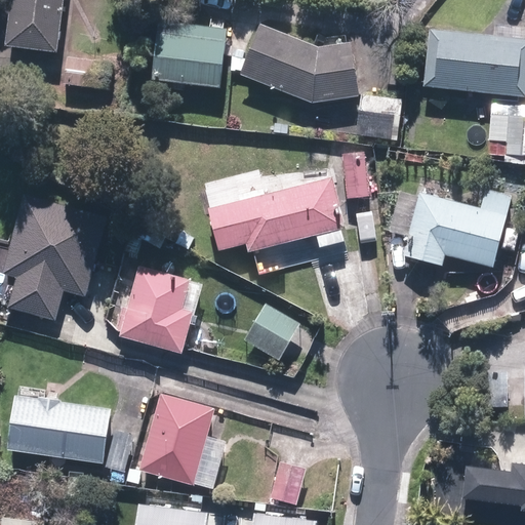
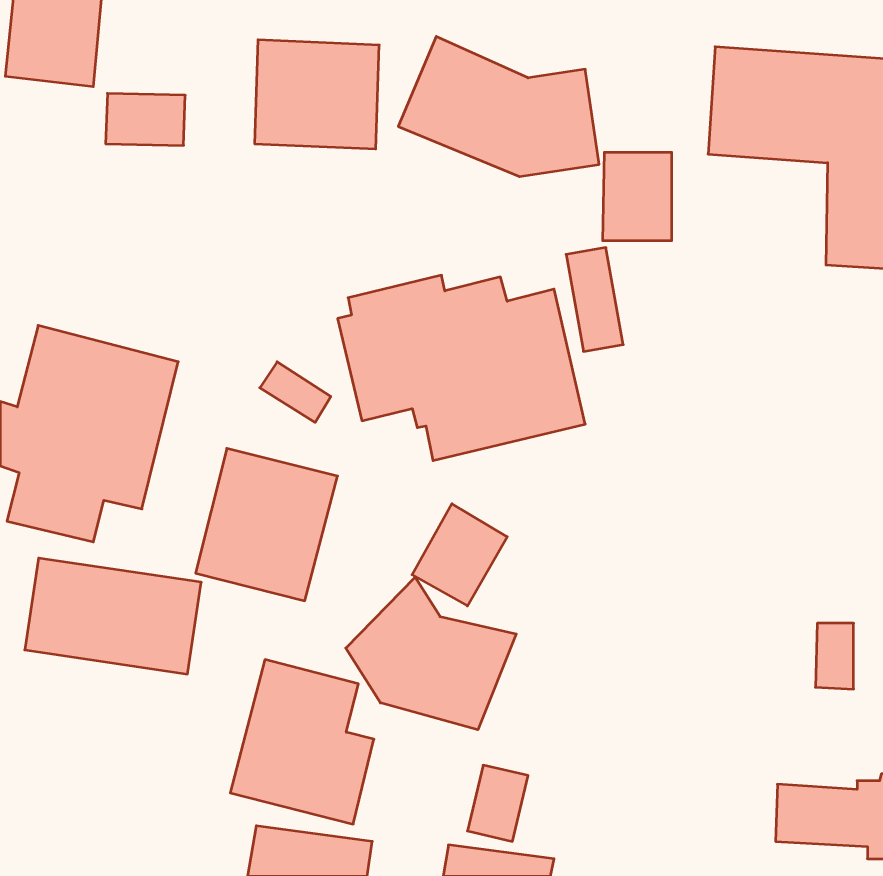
building: [402,192,519,270] -> none
building: none -> [346,577,516,730]
building: [5,395,110,463] -> [25,558,201,674]

